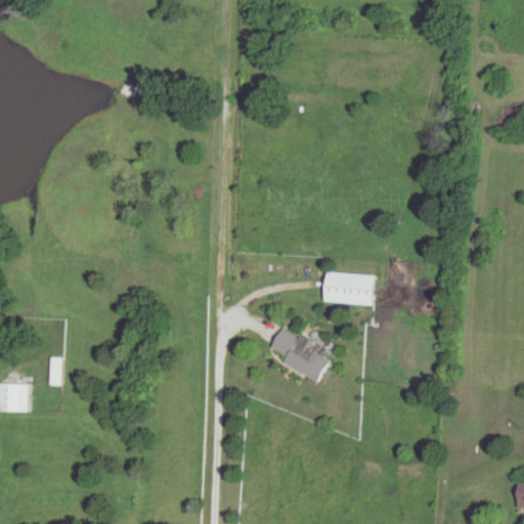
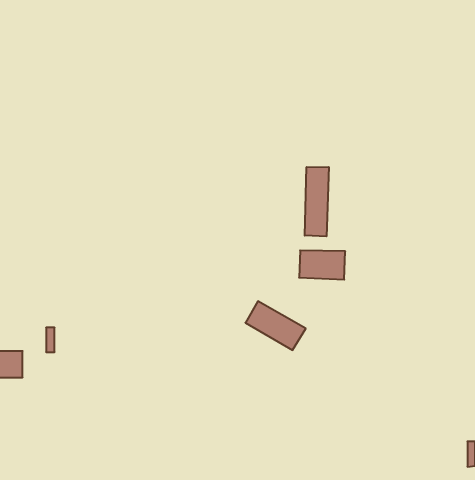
building: none -> [305,167,329,236]

